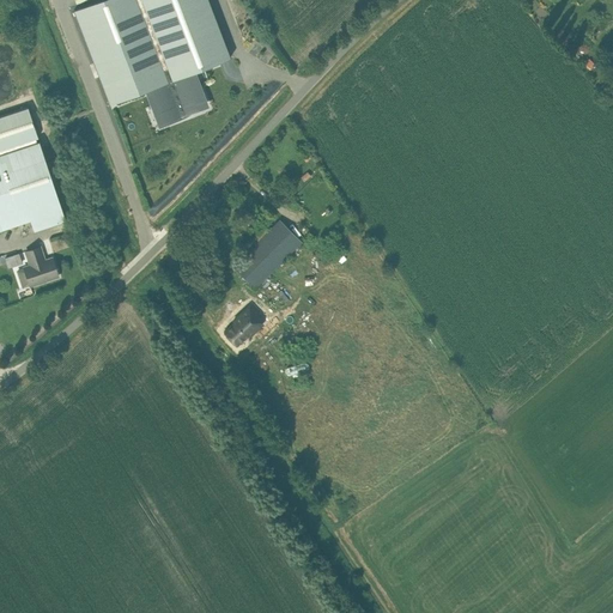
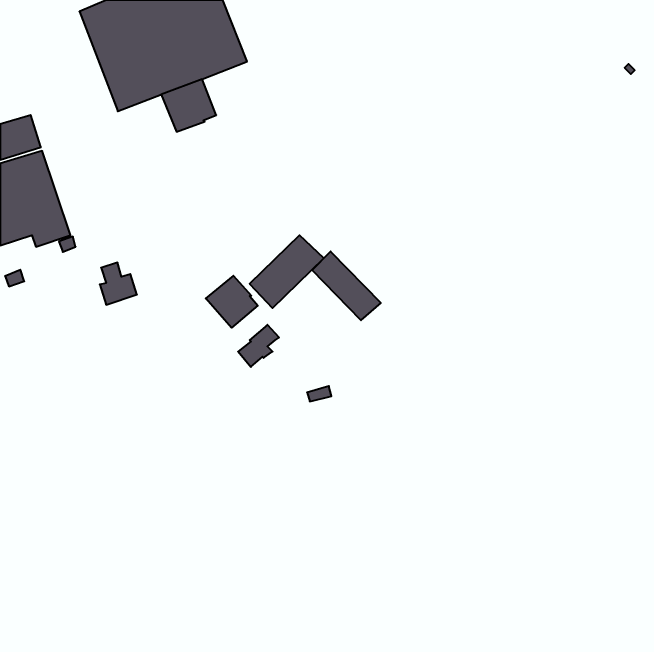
building: none -> [312,251,381,320]
building: [24,248,59,287] -> [100,263,137,305]
building: none -> [206,276,258,328]

